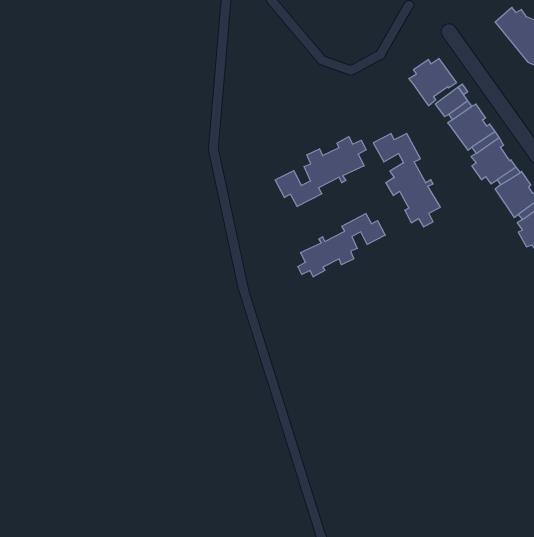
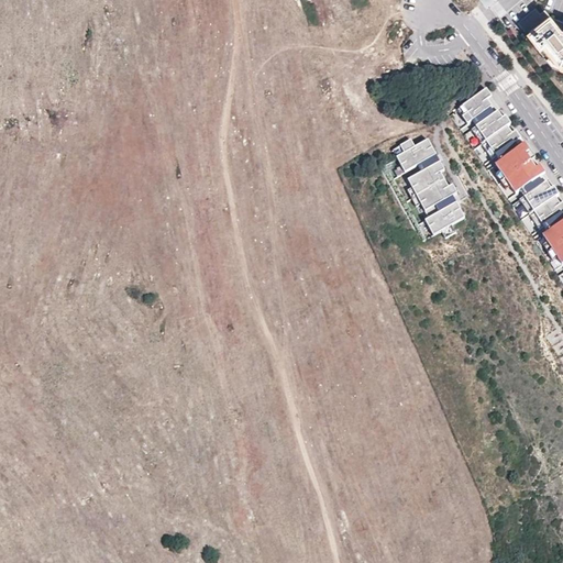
building: [409,58,456,106] -> none
building: [275,137,366,207] -> none
building: [298,214,385,277] -> none

